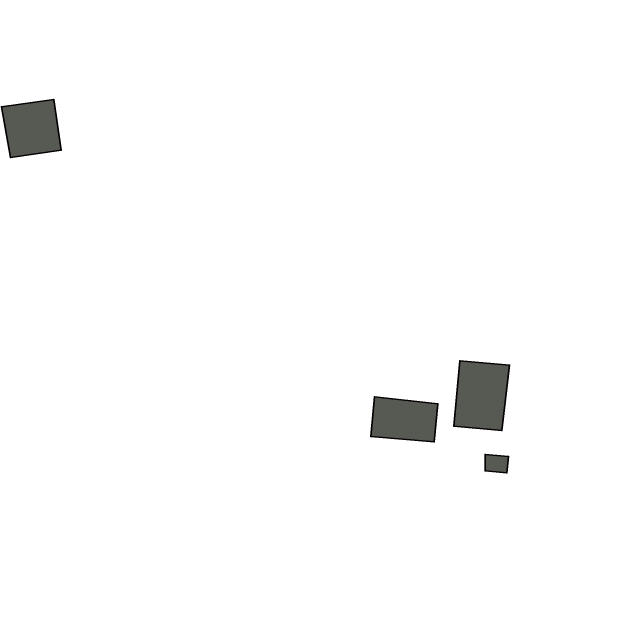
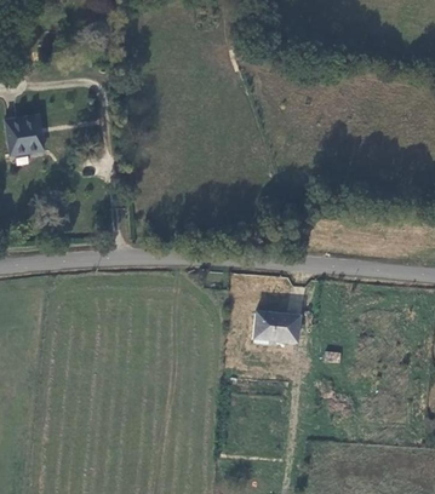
building: [454,361,509,430] -> none

